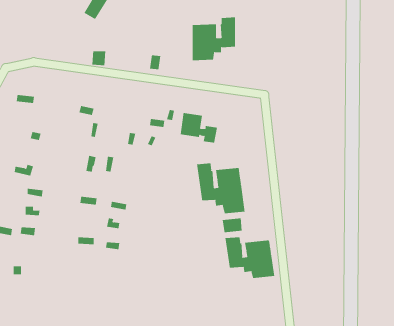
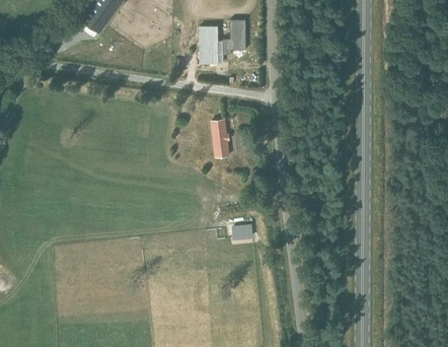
building: [197,163,245,214] -> none
building: [225,236,275,279] -> none

